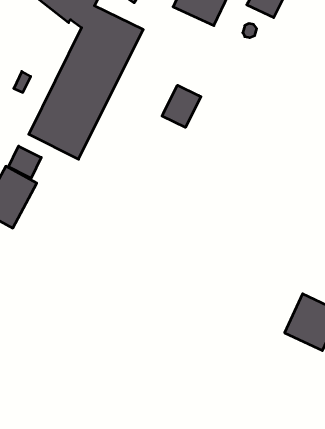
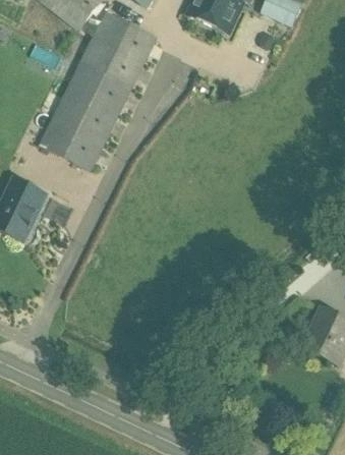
building: [162,85,201,127] -> none
building: [8,146,41,178] -> none

